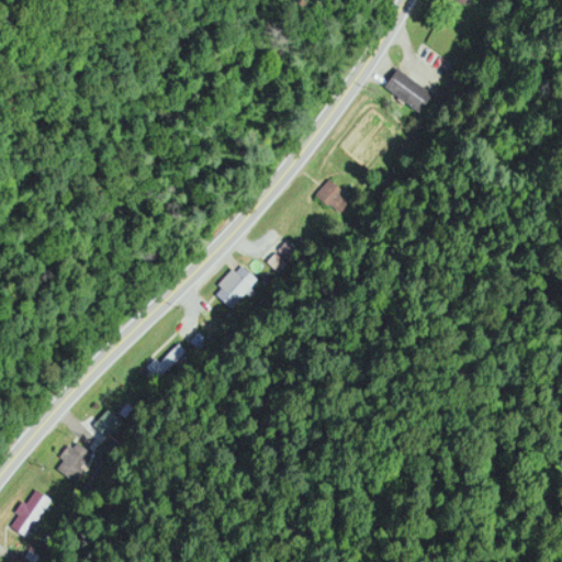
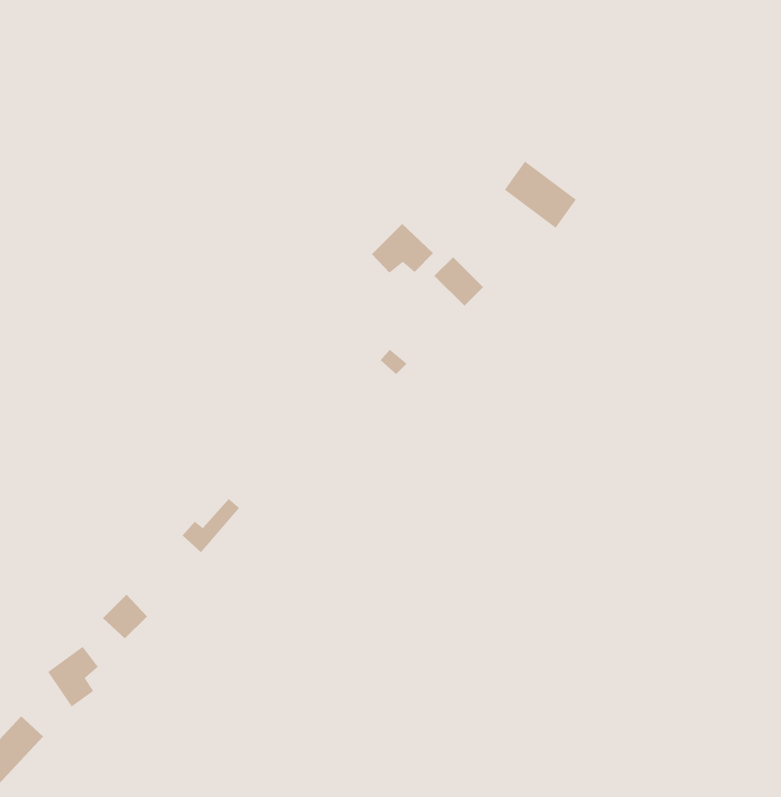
building: [382,66,431,112] -> [504,161,577,229]
building: none -> [371,223,434,274]
building: [216,266,258,310] -> none

